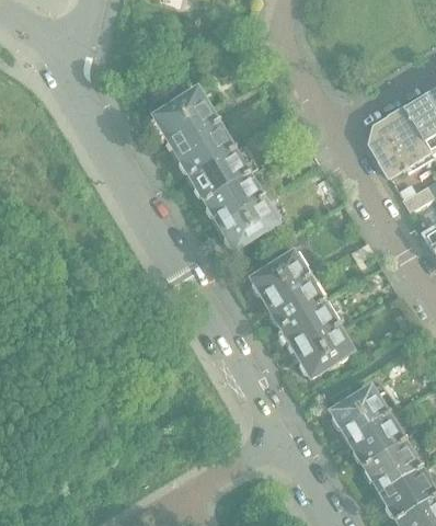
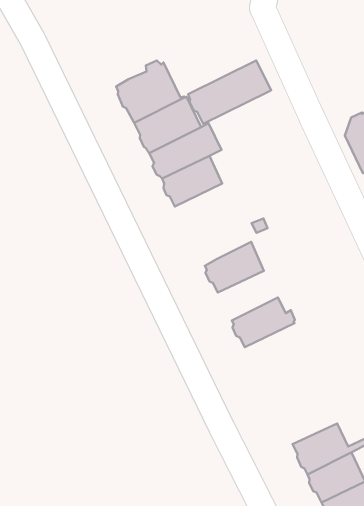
building: none -> [188,60,271,124]
building: [218,197,276,248] -> none
building: [265,276,322,325] -> none
building: [295,323,352,375] -> none
building: [330,386,388,437] -> none

